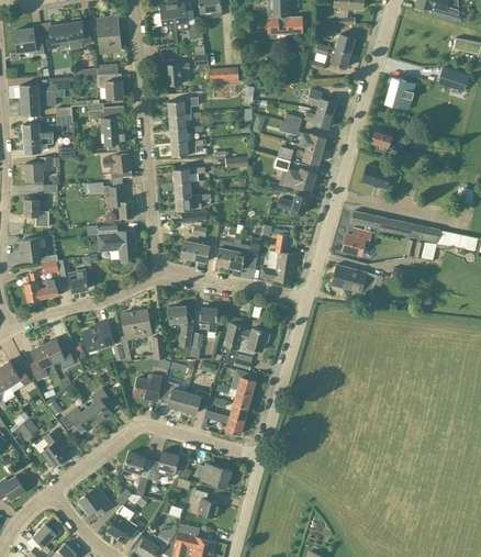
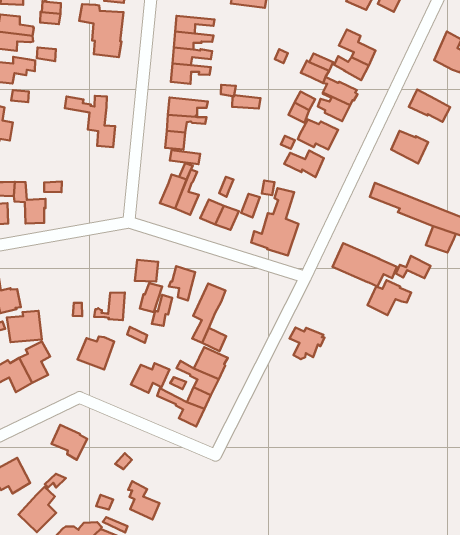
building: [102,153,131,178] -> none
building: [94,225,135,259] -> none
building: [342,227,376,256] -> [368,280,411,315]
building: [121,309,150,339] -> none
building: [81,322,113,352] -> [7,311,42,342]
building: [239,328,268,355] -> [290,327,324,359]
building: [160,380,186,410] -> none
building: [146,450,178,481] -> none
building: [199,464,230,488] -> none

